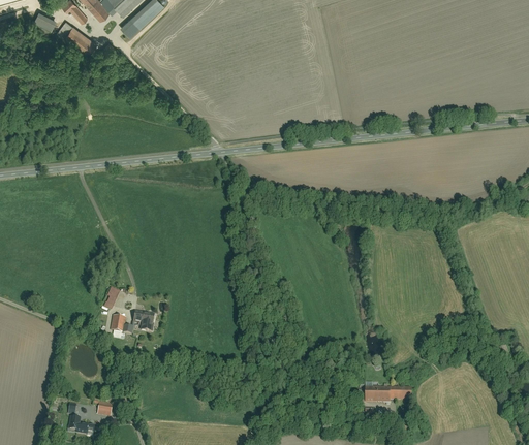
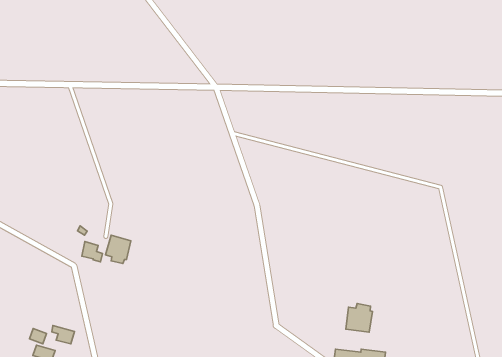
building: none -> [346,304,373,332]

